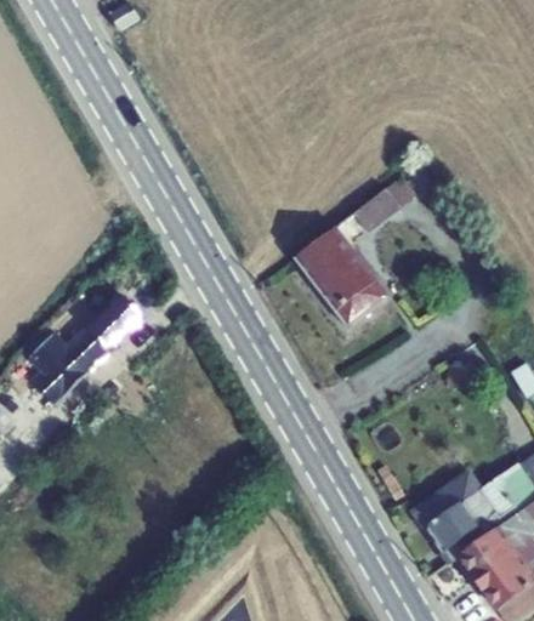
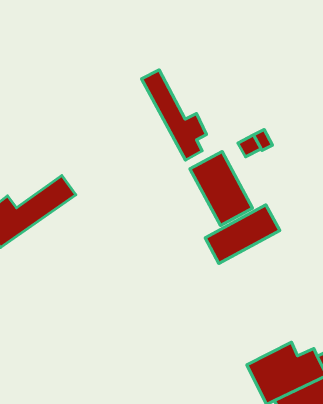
building: none -> [142,70,207,160]
building: none -> [205,205,280,263]

